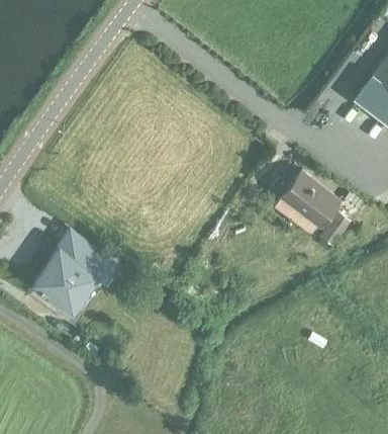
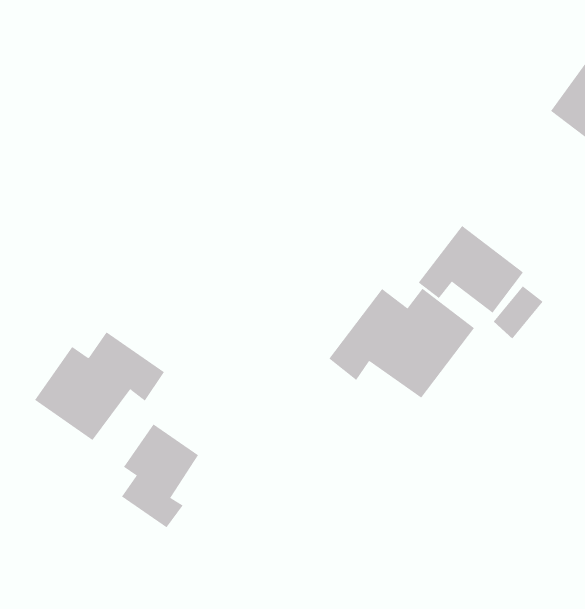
building: none -> [328,288,475,398]
building: none -> [121,423,199,528]

